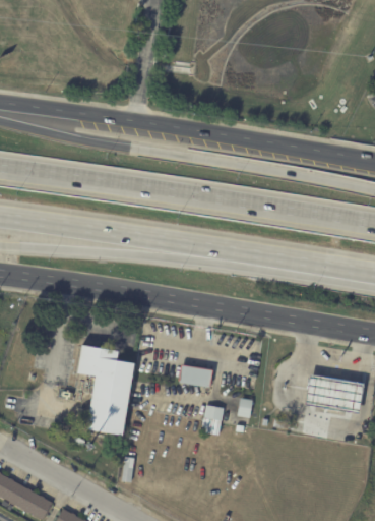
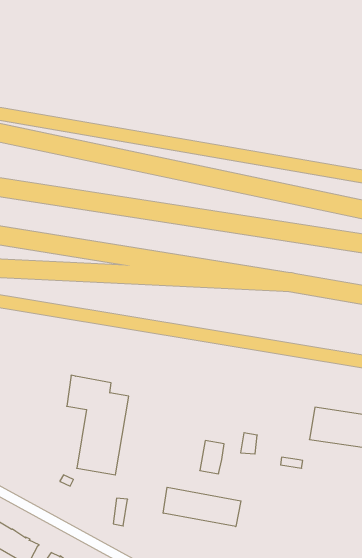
building: [181,365,216,388] -> none
building: none -> [163,487,241,527]

